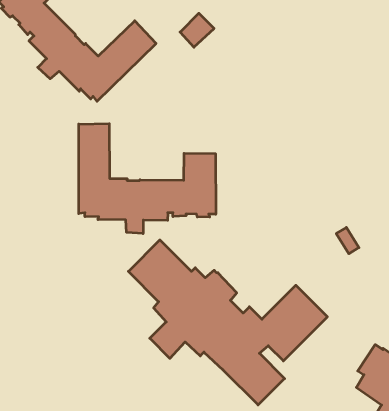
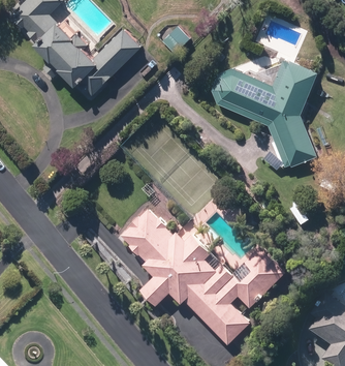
building: none -> [210,60,316,169]
building: [79,124,216,234] -> none

